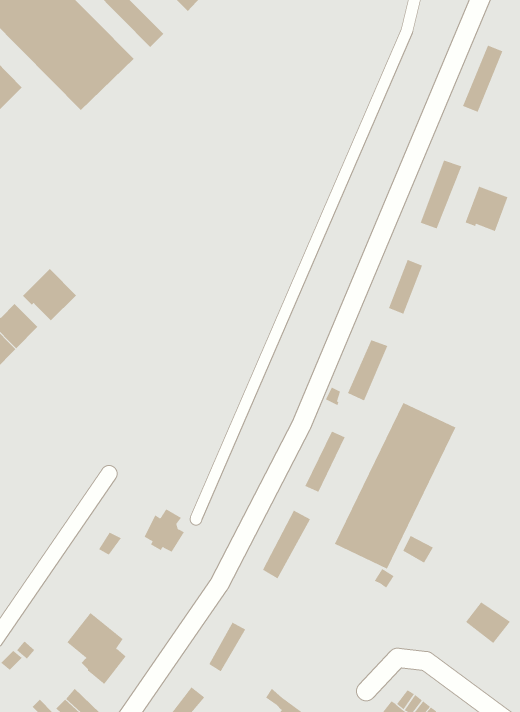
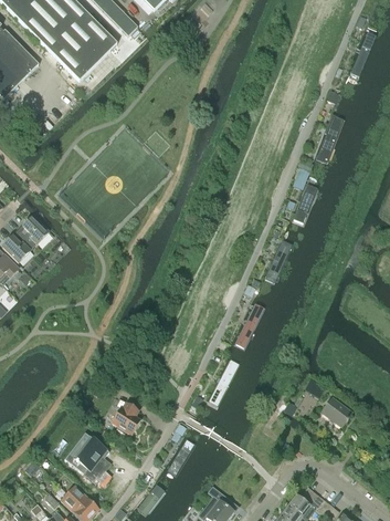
building: [465,186,508,232] -> none
building: [22,268,77,321] -> none
building: [334,402,456,569] -> none
building: [144,508,185,552] -> [112,403,140,434]
building: [465,601,511,644] -> [320,396,352,426]

